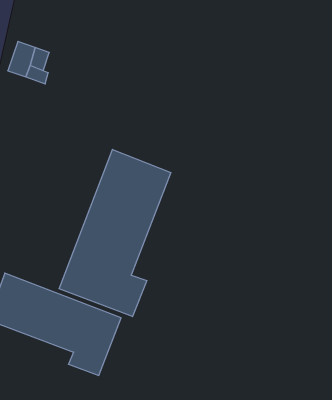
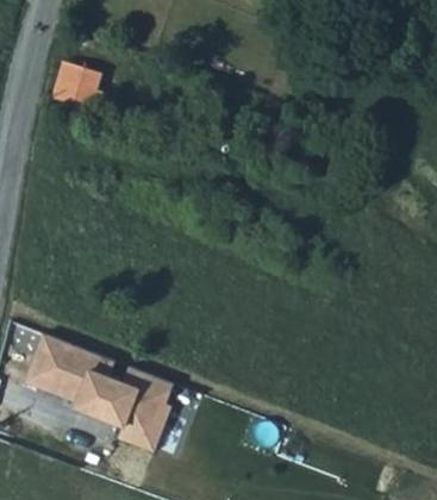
building: [59,149,171,317] -> none

